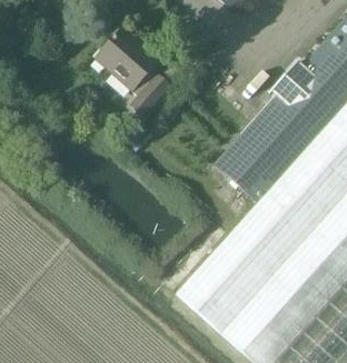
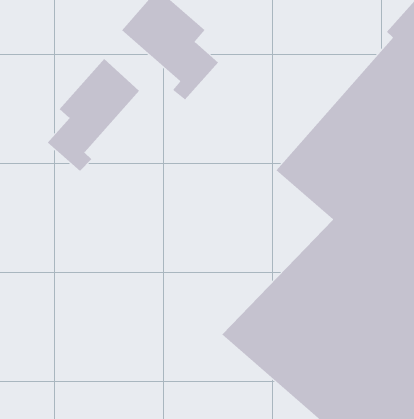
building: none -> [47,58,140,172]

